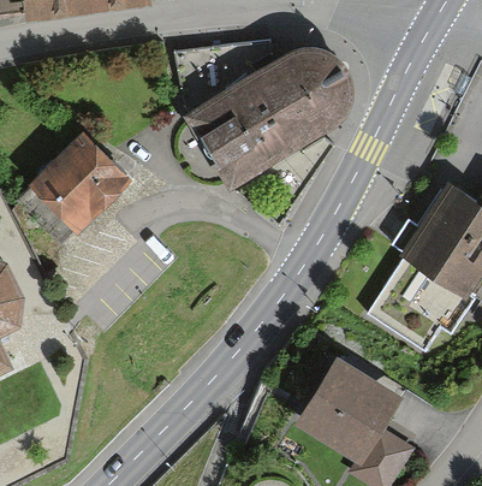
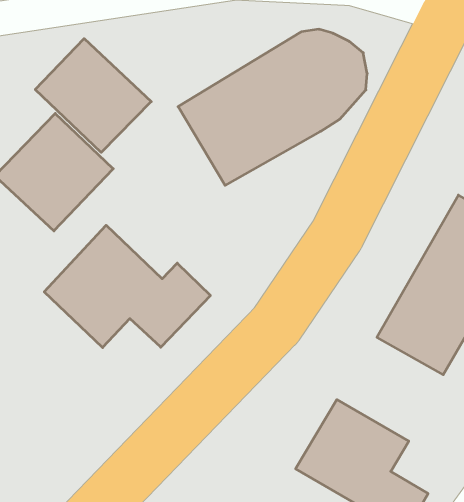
building: none -> [35,39,151,152]
building: none -> [44,225,210,348]

